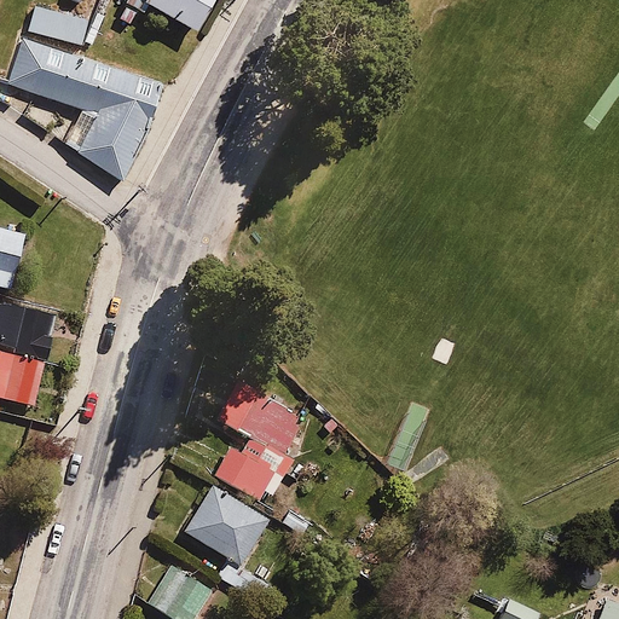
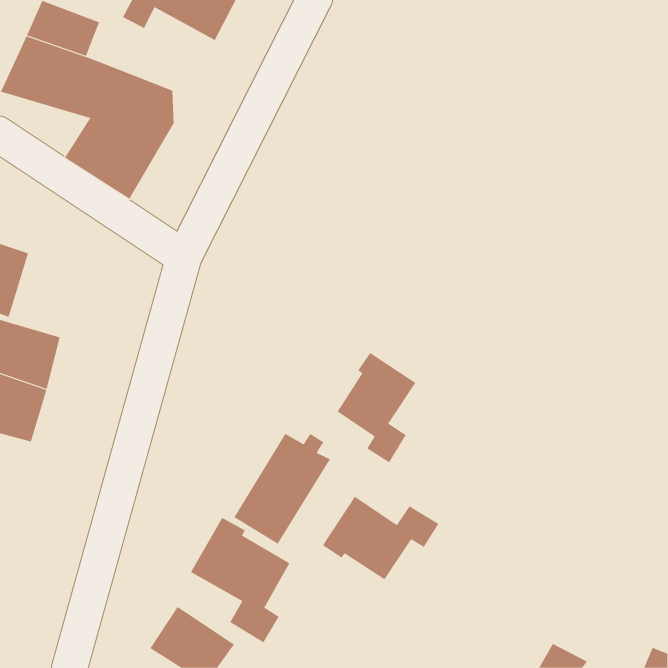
building: none -> [337,352,416,463]
building: none -> [322,496,439,580]

